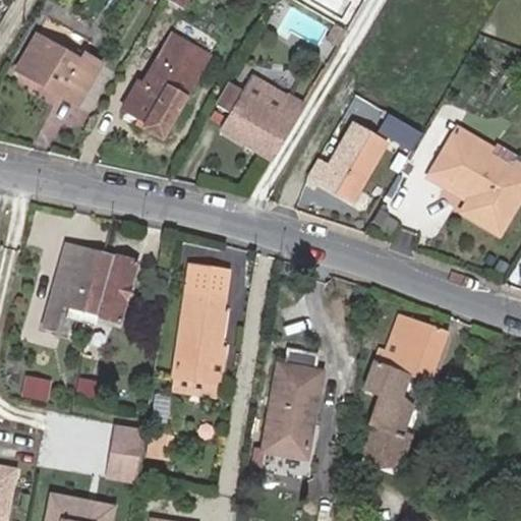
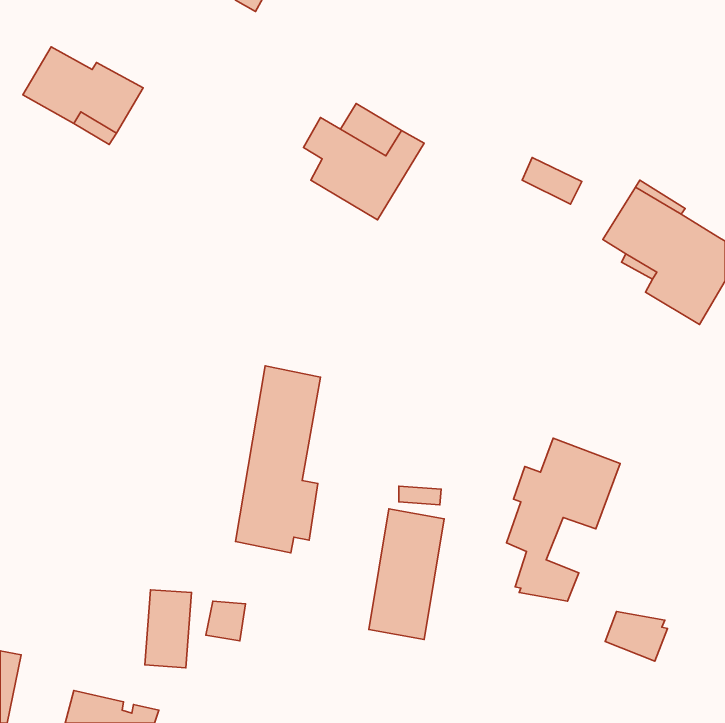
building: [123,32,210,136] -> none
building: [308,124,387,198] -> none
building: [41,243,136,343] -> none
building: [364,425,409,461] -> [605,612,668,661]

